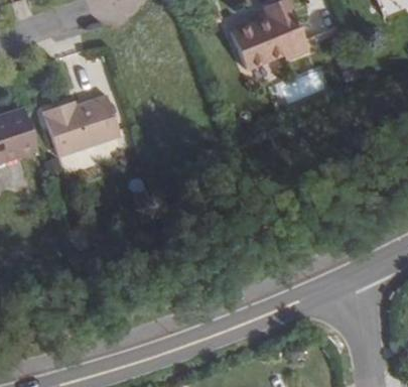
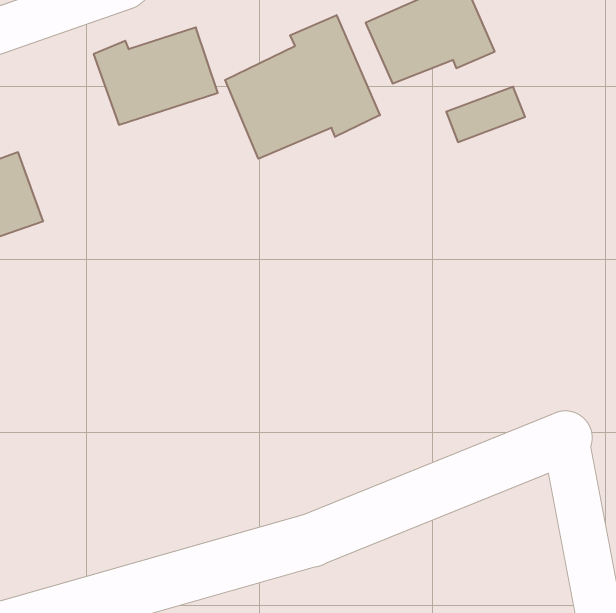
building: none -> [225,15,380,159]
building: [44,100,119,158] -> [94,27,218,125]

